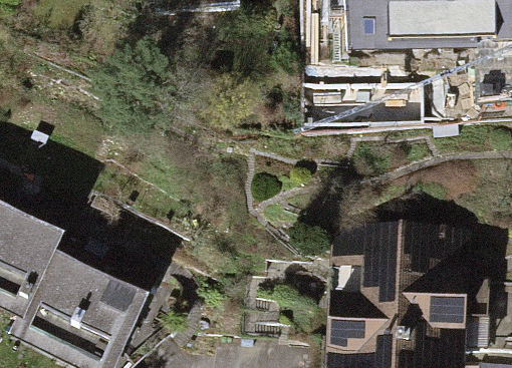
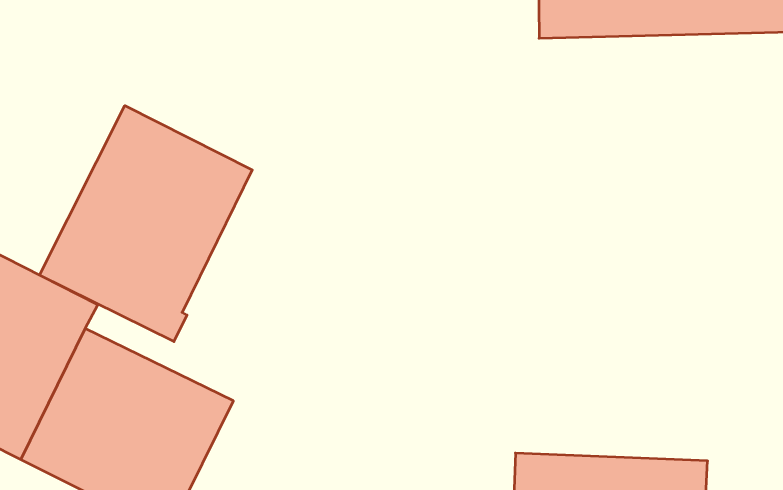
building: none -> [39,106,252,342]
building: [331,225,457,314] -> none

